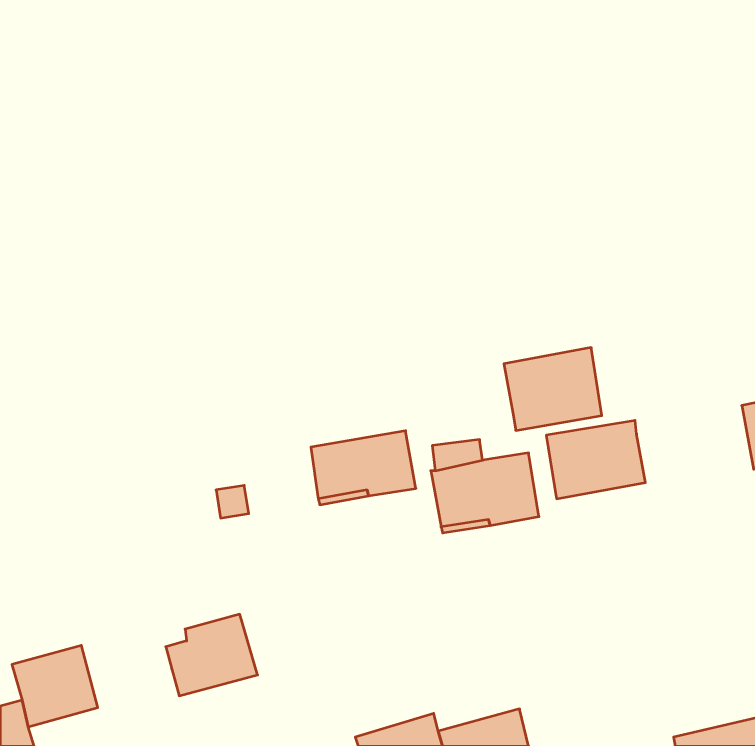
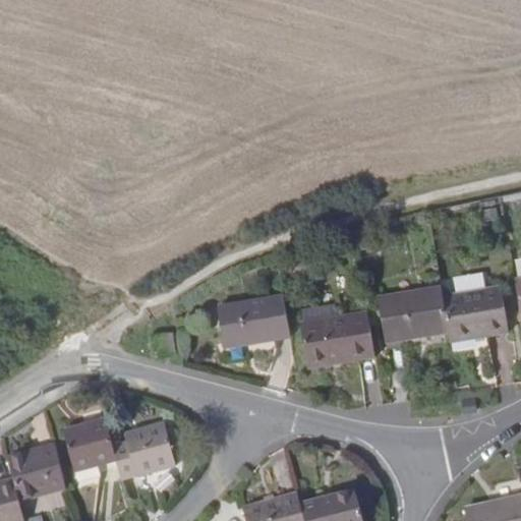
building: [504,348,602,430] -> [439,287,506,344]
building: none -> [66,418,119,471]

